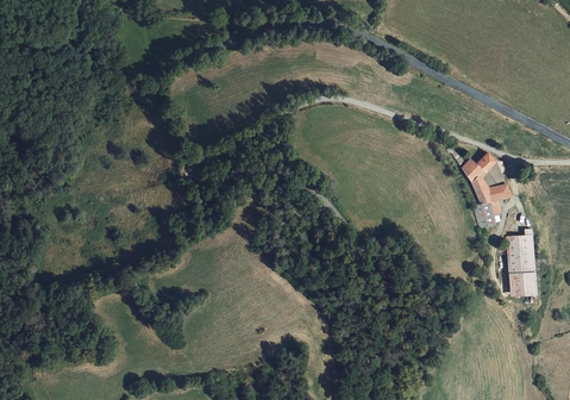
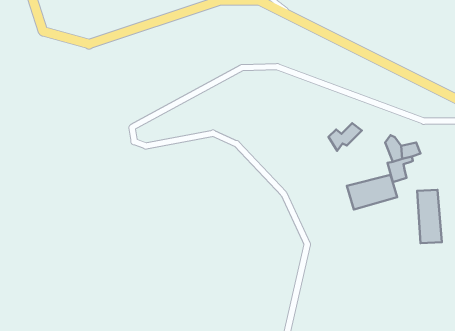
building: [463,151,500,182] -> [329,123,362,151]
building: none -> [347,175,397,210]

